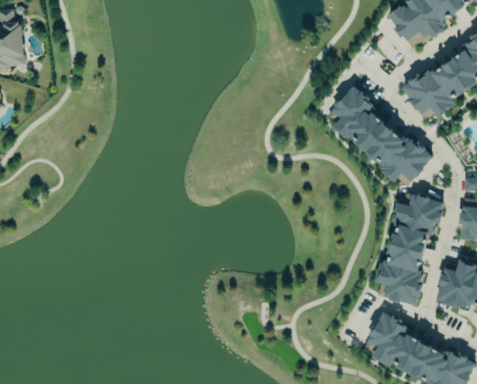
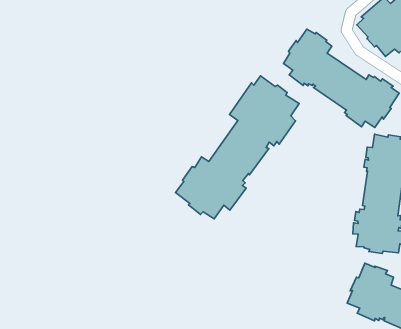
building: none -> [176,76,299,219]

